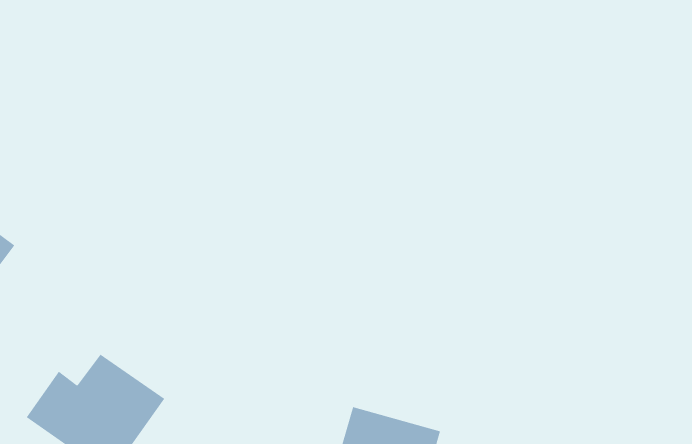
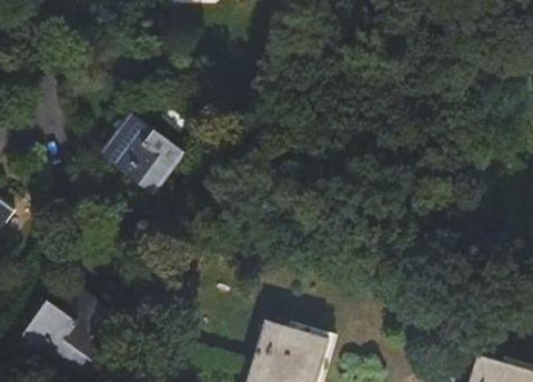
building: none -> [101,112,185,193]

